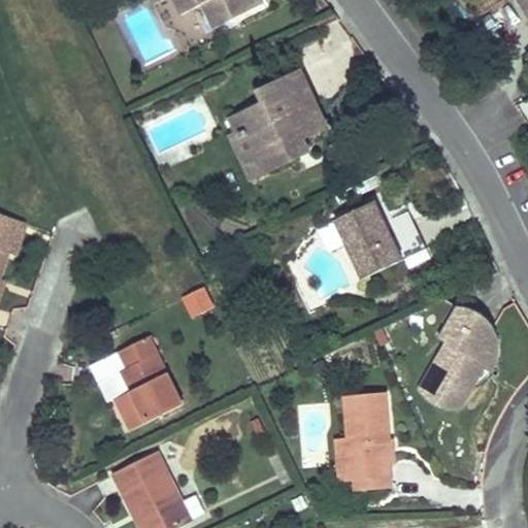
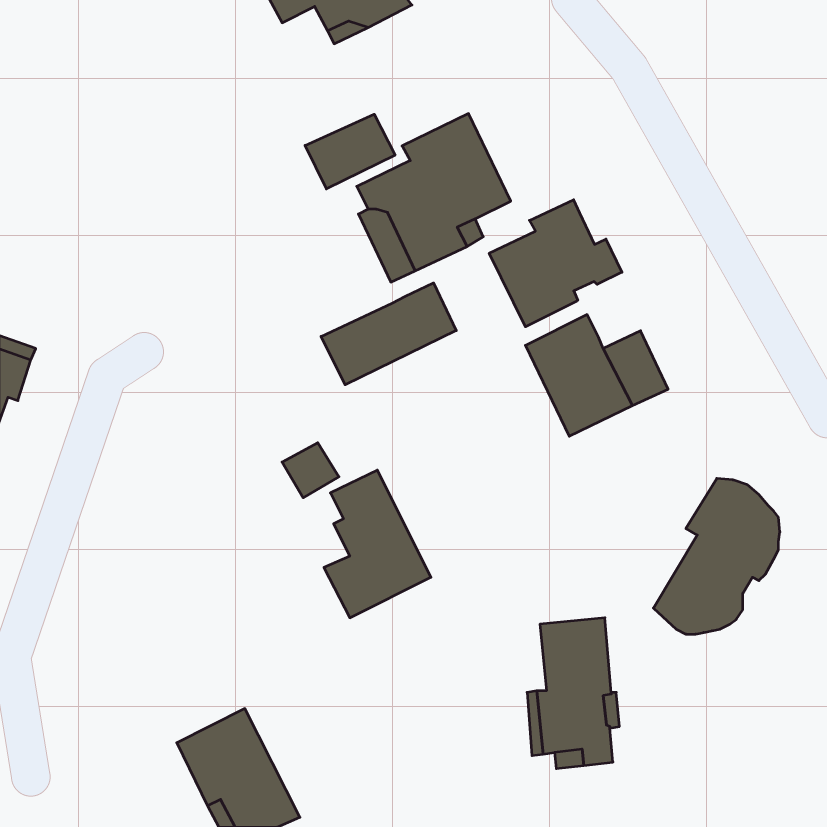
building: none -> [305,114,395,189]
building: none -> [489,200,622,327]
building: none -> [321,283,456,385]
building: [113,335,182,429] -> [324,470,431,618]

